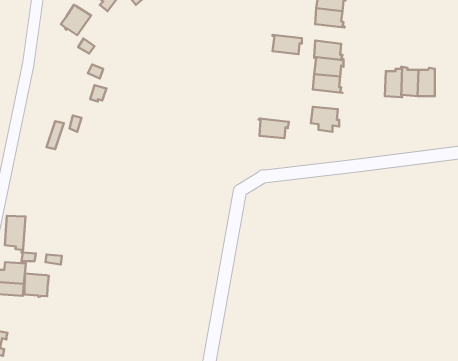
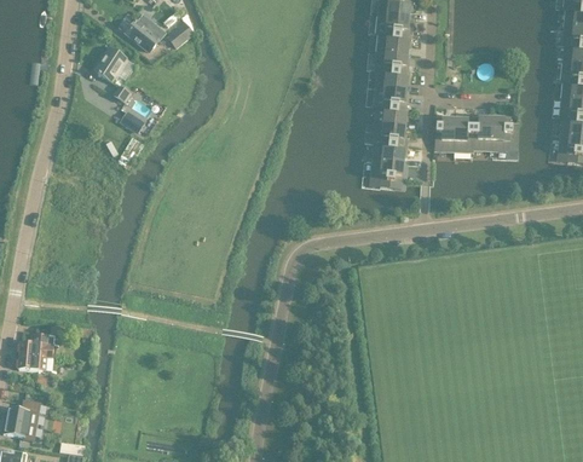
building: [272,35,302,54] -> [379,68,411,89]
building: none -> [437,116,457,148]
building: [258,119,289,138] -> [375,140,409,162]
building: [5,216,25,252] -> none
building: [24,273,49,297] -> none

